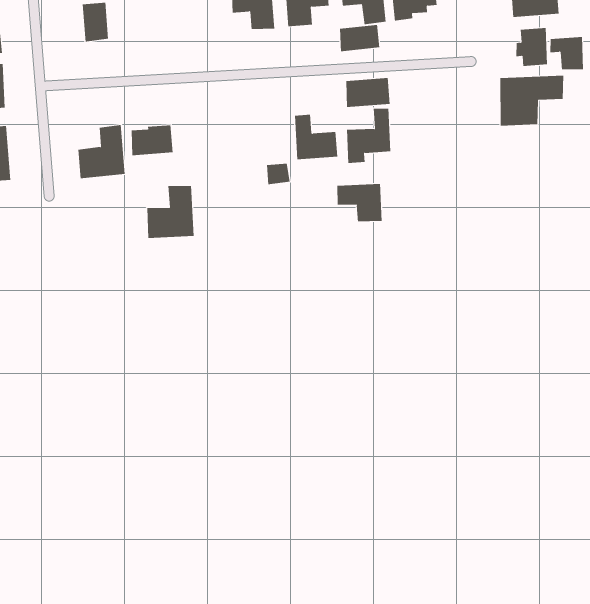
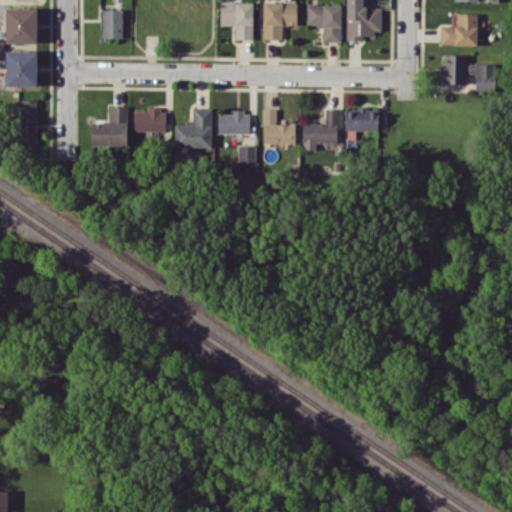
building: [339,24,380,52] -> none
building: [500,75,564,126] -> none
building: [345,78,391,108] -> [344,110,379,131]
building: none -> [218,112,250,135]
building: [337,183,382,222] -> none
building: [146,185,194,238] -> [174,108,212,149]

